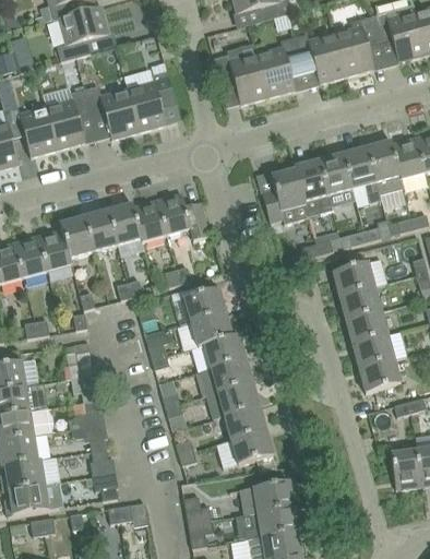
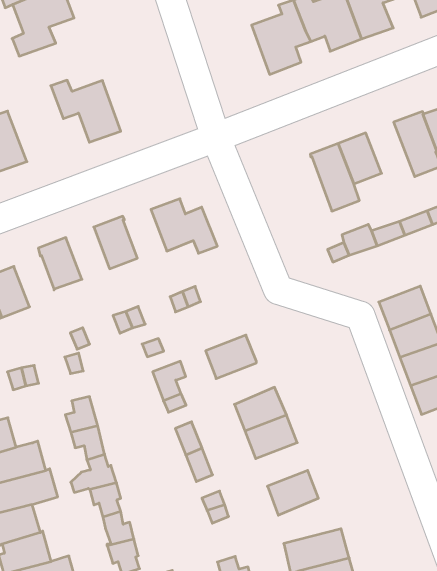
building: [213,55,267,105] -> none
building: [128,71,180,132] -> none
building: [46,88,92,150] -> none
building: [343,147,381,202] -> none
building: [262,169,308,223] -> none
building: [133,200,176,270] -> none
building: [84,210,118,252] -> none
building: [38,229,72,271] -> none
building: [333,262,375,296] -> none
building: [184,288,226,322] -> none
building: [198,334,246,369] -> none
building: [224,406,266,440] -> none

